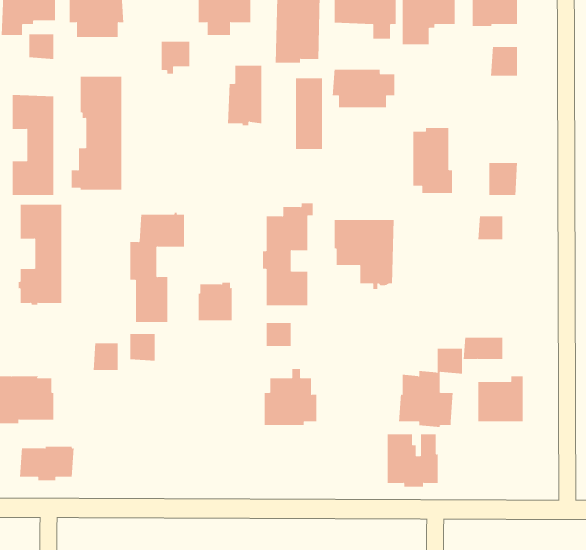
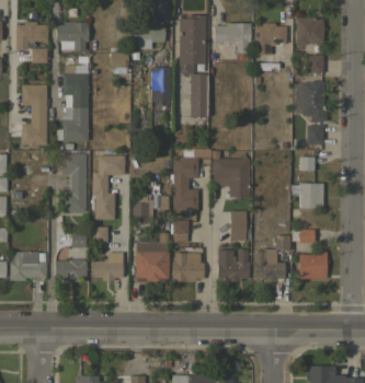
building: [332,69,395,108] -> none
building: [412,127,453,194] -> [303,81,327,120]
building: [18,204,62,305] -> [60,153,87,213]
building: none -> [299,183,323,208]
building: none -> [230,211,246,241]
building: none -> [136,231,170,283]
building: none -> [91,253,123,281]
building: [387,434,438,487] -> [218,249,249,281]
building: [19,446,74,481] -> [54,259,87,280]

